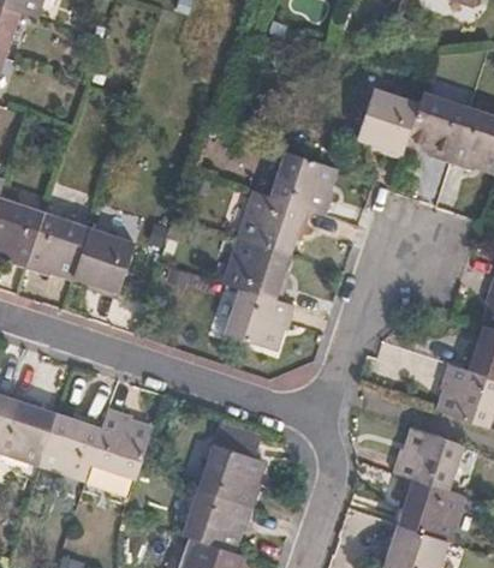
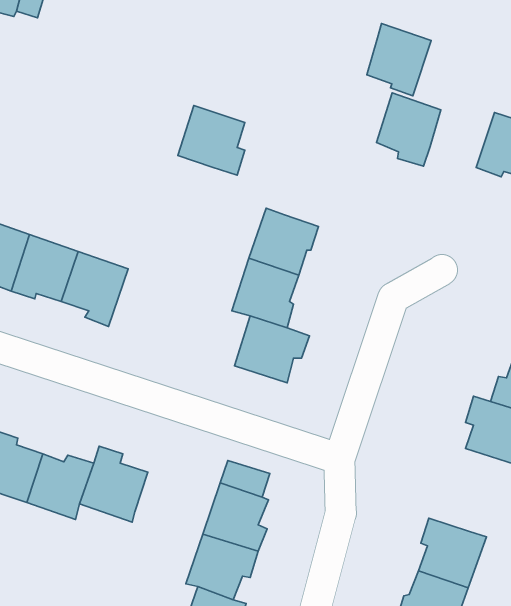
building: [410,90,469,156] -> [367,24,431,96]
building: [276,154,338,217] -> [178,105,245,175]
building: [394,429,460,489] -> none

